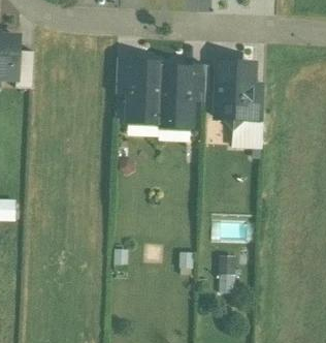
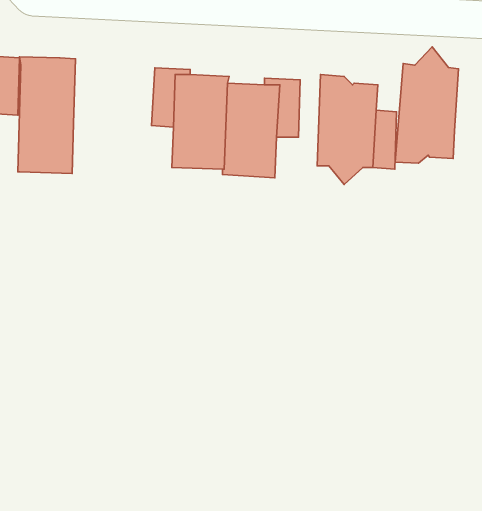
building: none -> [395,47,459,163]
building: none -> [18,57,76,174]
building: [217,252,235,289] -> none

